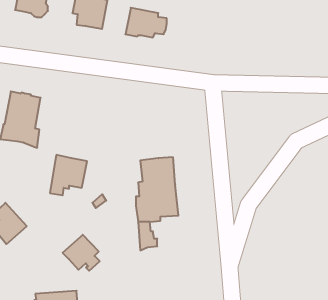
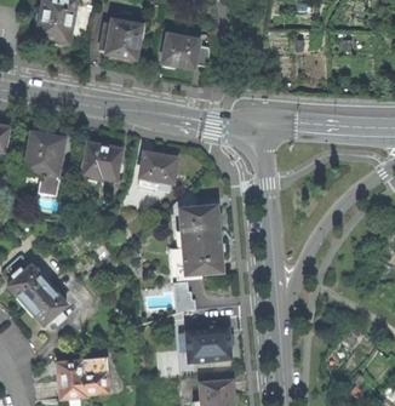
building: none -> [138,153,176,189]
building: [50,155,87,195] -> [79,141,121,187]
building: [63,235,100,271] -> [25,284,68,325]
building: none -> [185,327,229,361]

